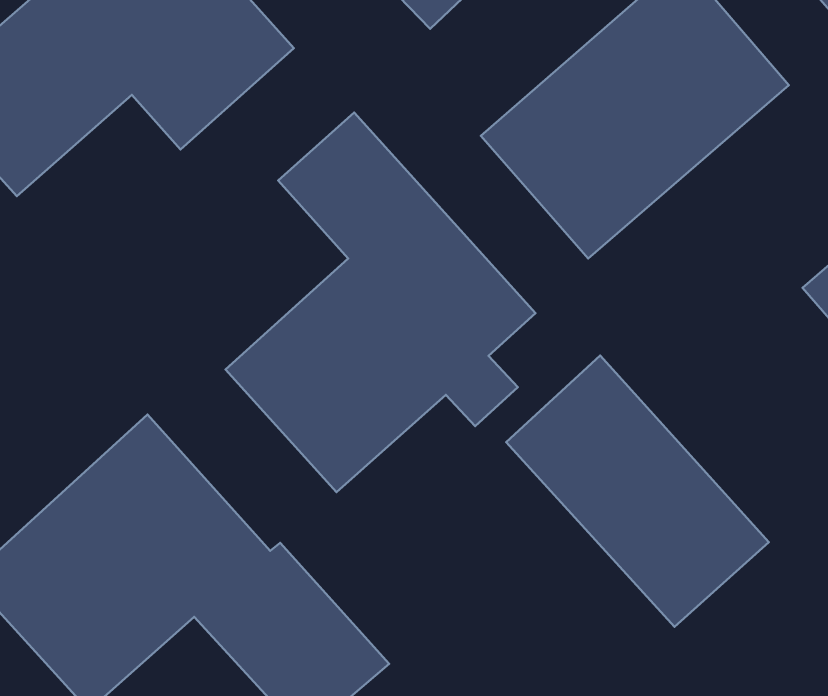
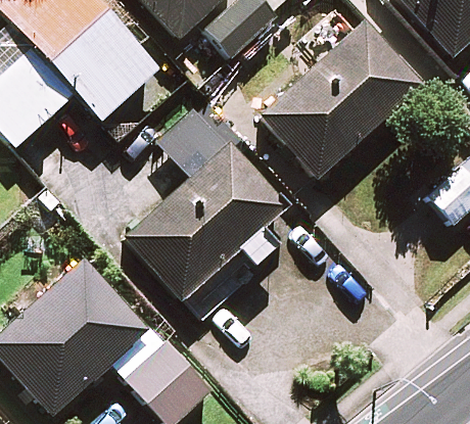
building: [506,355,769,627] -> none

